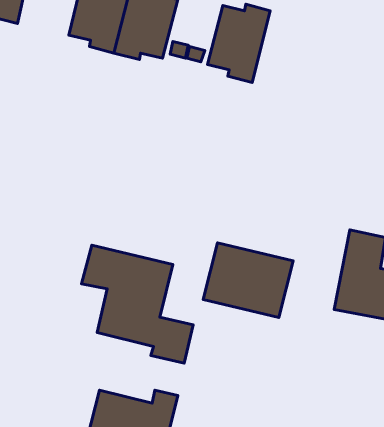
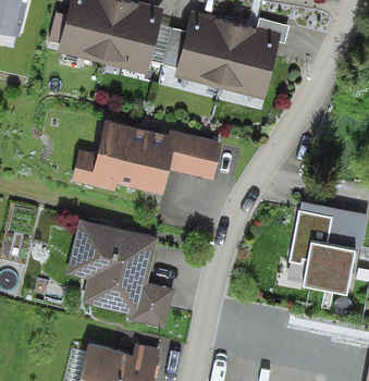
building: none -> [219,24,272,89]
building: none -> [175,136,217,176]
building: [203,243,293,317] -> [95,124,171,187]

